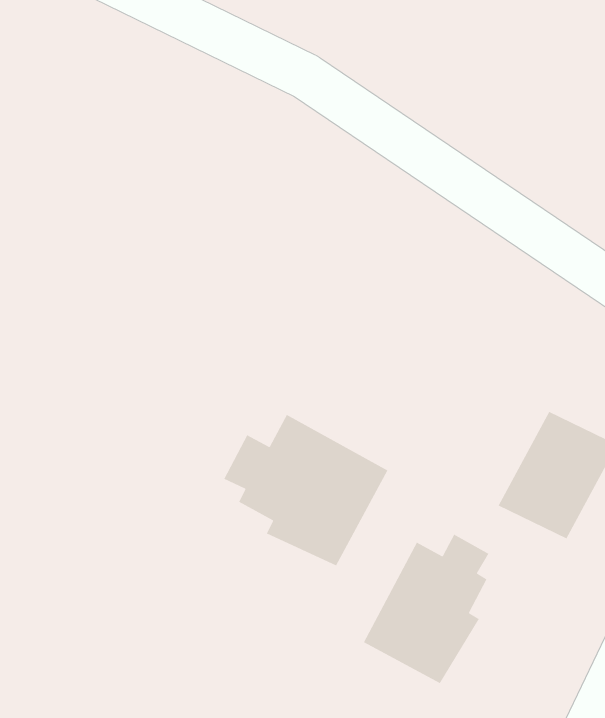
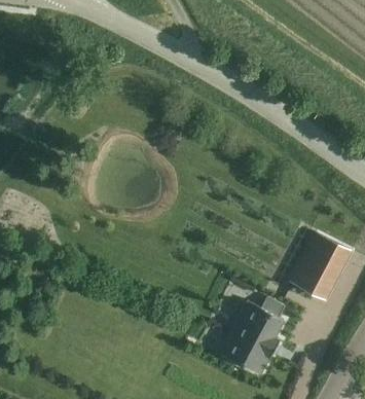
building: [223,414,388,566] -> none

